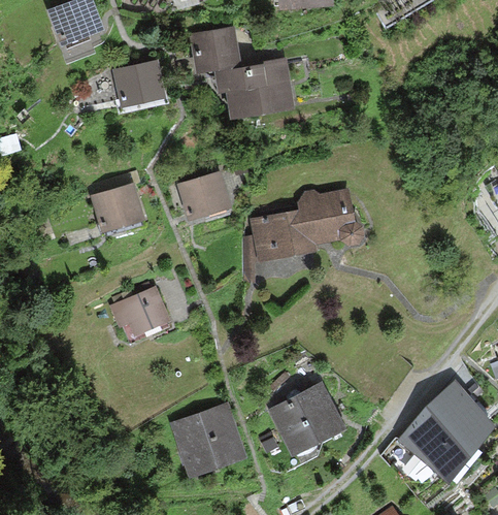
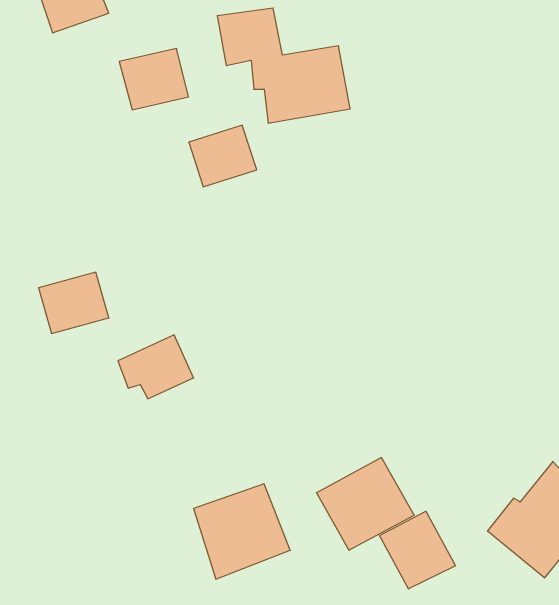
building: [178,171,232,220] -> [189,125,257,187]
building: [89,183,144,231] -> [38,272,109,334]
building: [243,189,365,283] -> none
building: none -> [380,511,455,589]

